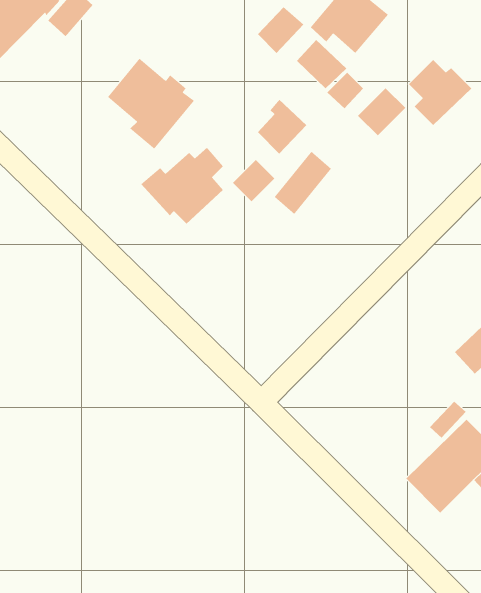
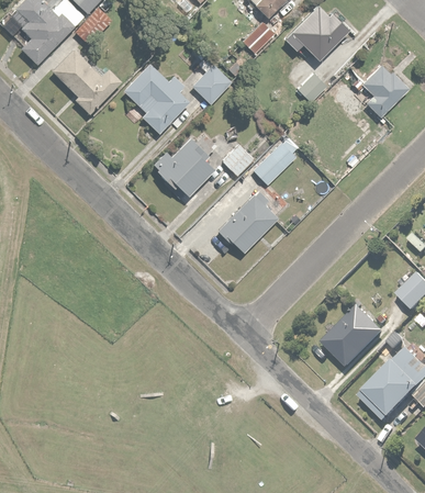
building: none -> [51,46,122,117]
building: [296,39,347,89] -> none
building: [357,87,406,136] -> none
building: [257,99,307,154] -> [189,59,228,103]
building: none -> [215,193,277,253]
building: none -> [321,305,384,368]

